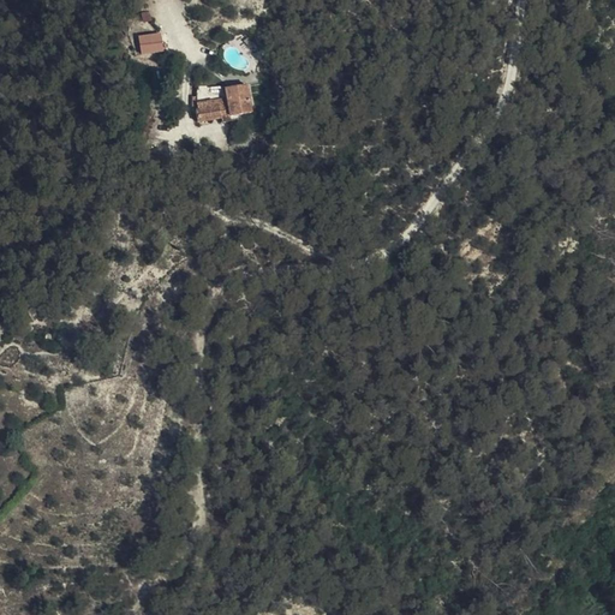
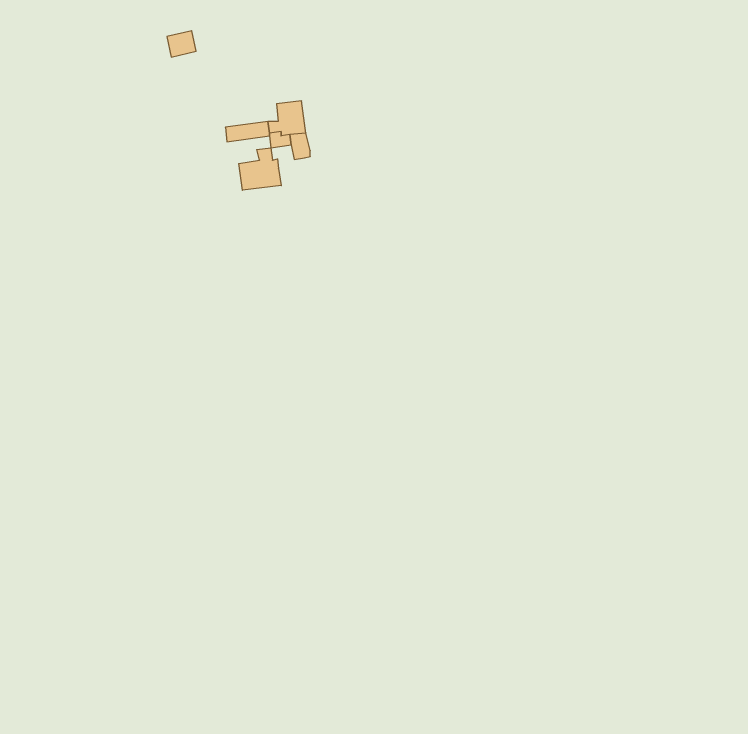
building: none -> [239,148,281,190]

